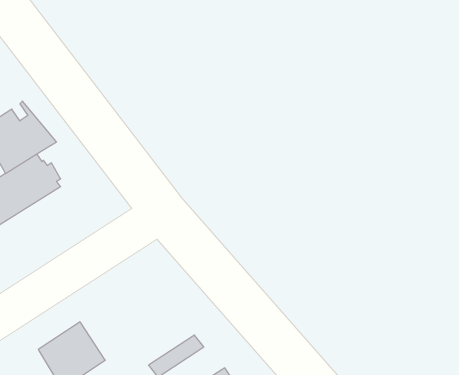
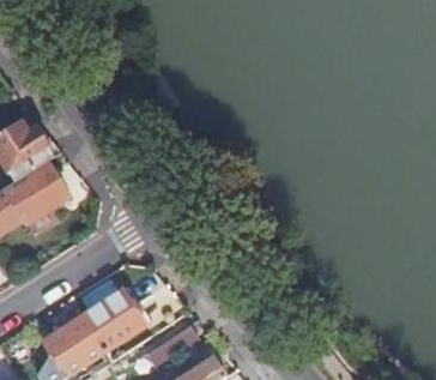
building: none -> [81,290,144,350]

